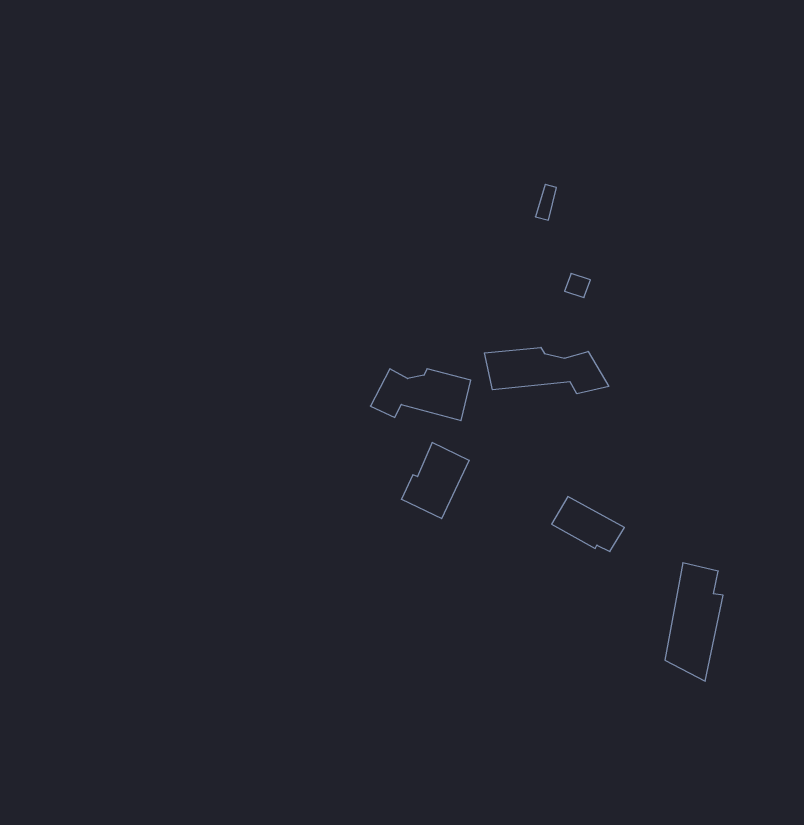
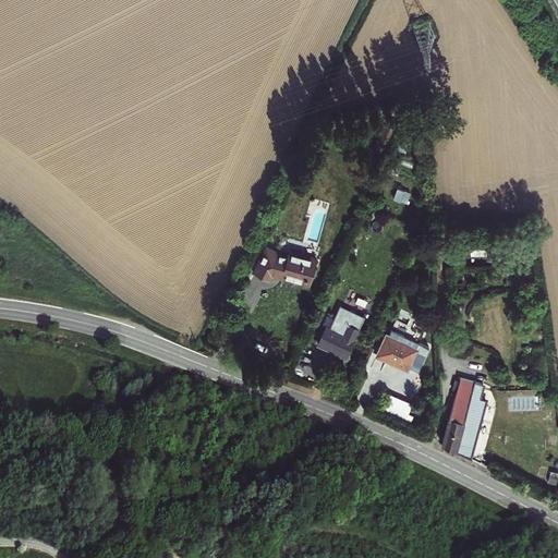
building: [484,347,609,394] -> none
building: [401,443,469,519] -> [317,310,363,361]

